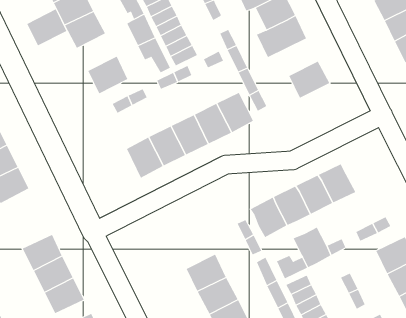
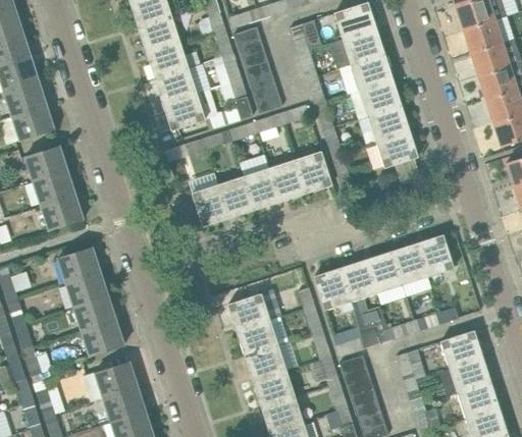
building: [27,9,67,46] -> [155,68,197,105]
building: none -> [367,106,409,143]
building: none -> [417,234,455,276]
building: none -> [57,247,100,282]
building: none -> [227,293,269,330]

